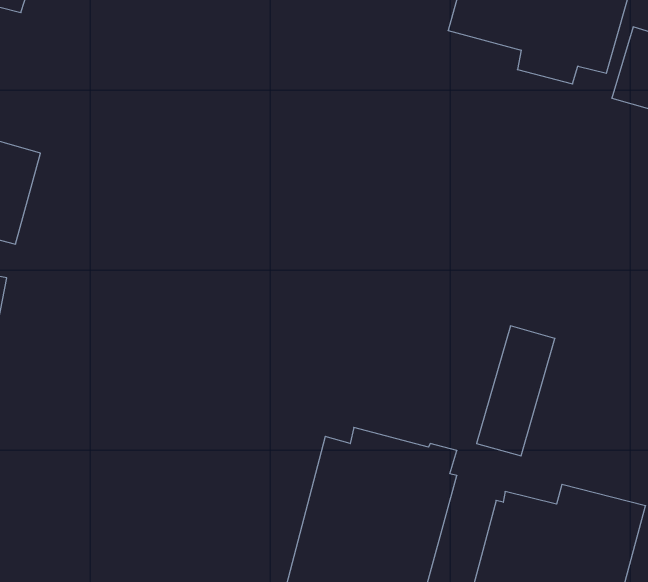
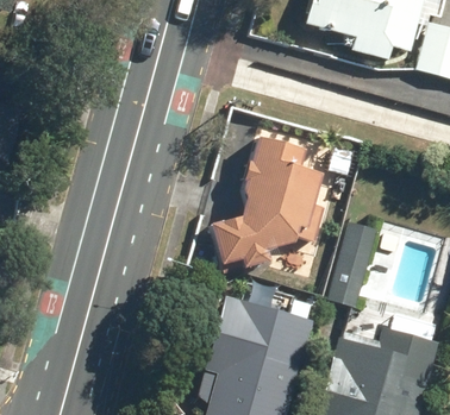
building: none -> [208,133,323,269]

